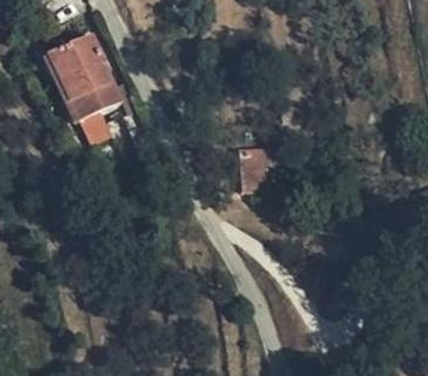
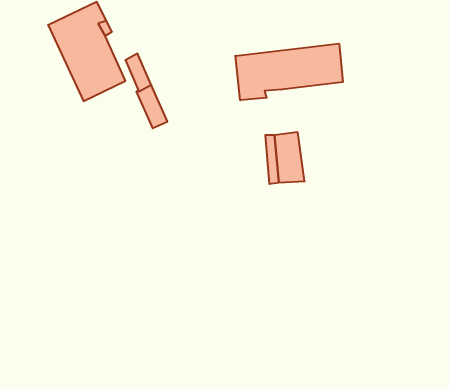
building: none -> [235,44,343,100]

